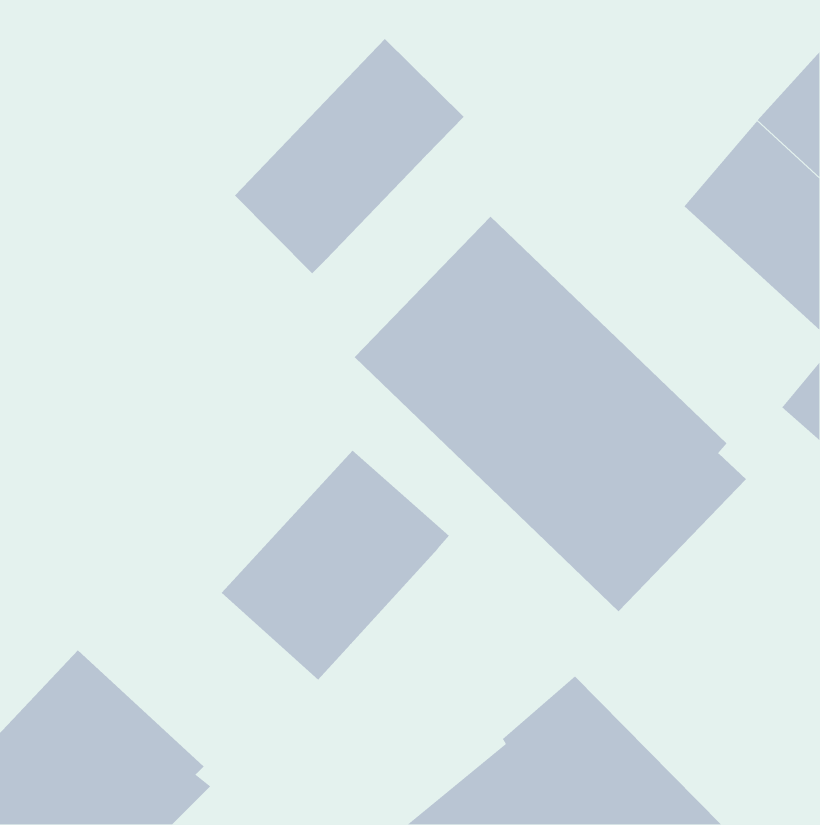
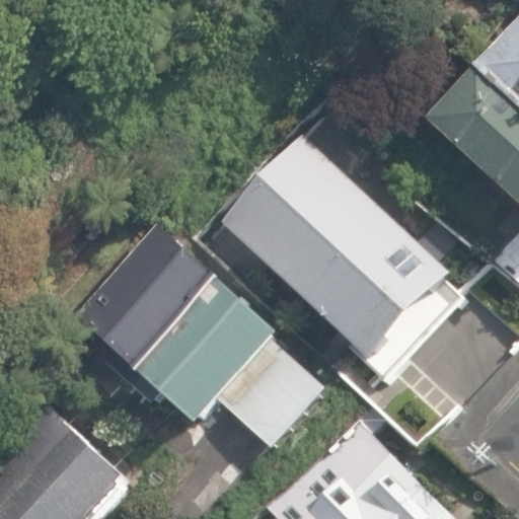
building: [234,38,464,274] -> none
building: none -> [75,223,220,370]
building: none -> [219,343,325,448]

